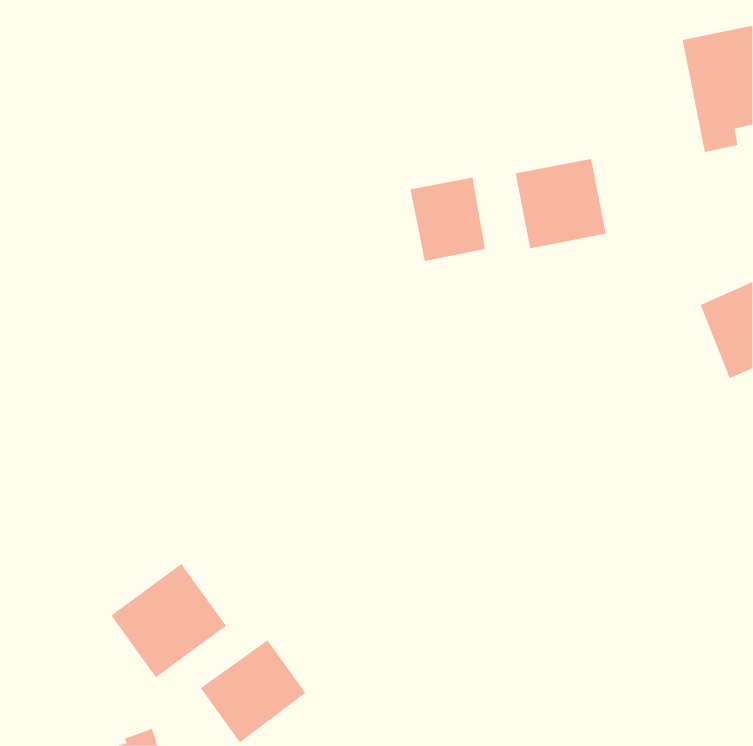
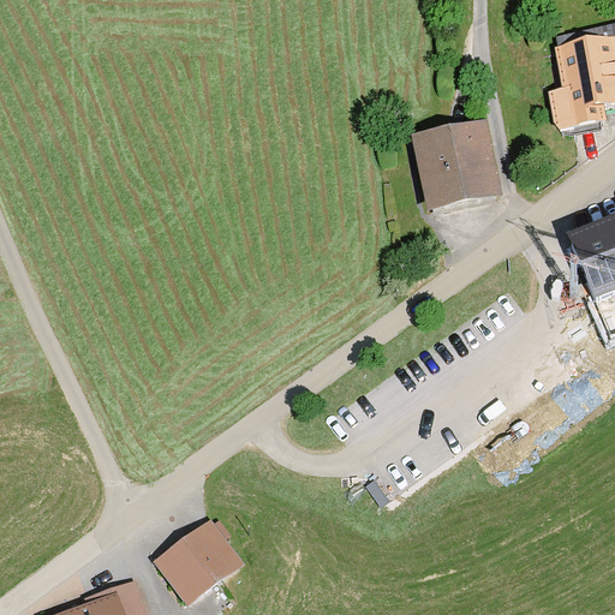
building: [410,177,486,262] -> none
building: [110,563,227,678] -> none

